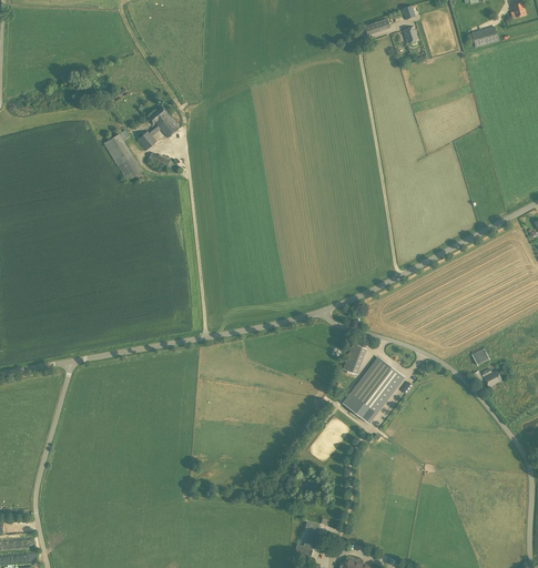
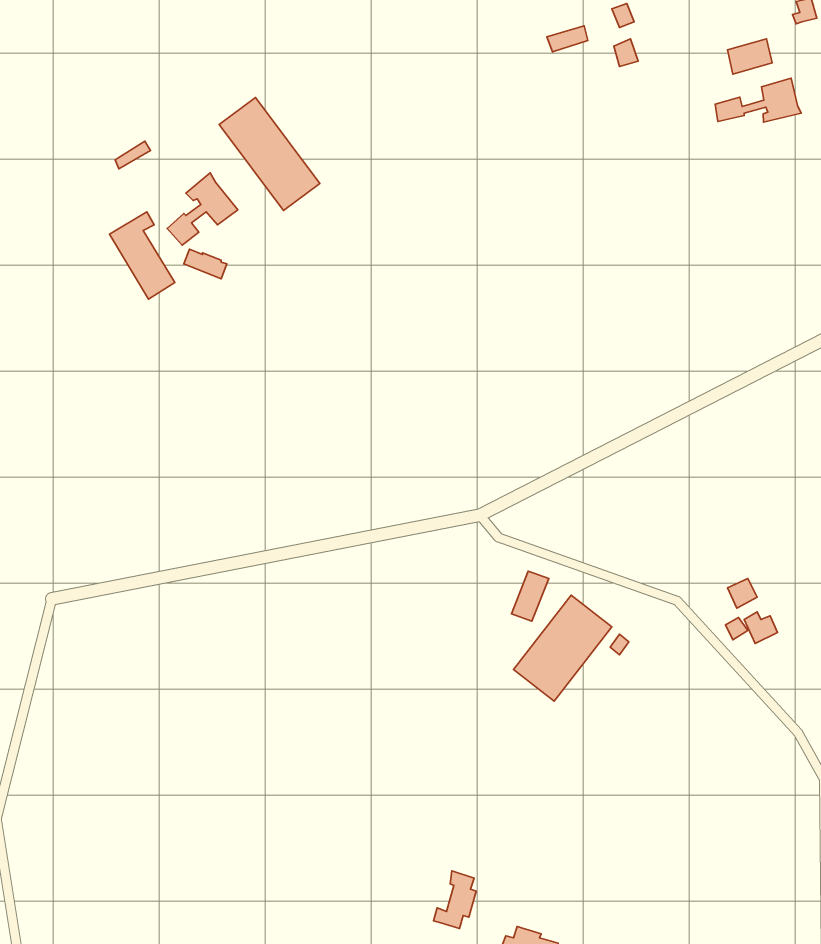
building: none -> [715,78,801,122]
building: none -> [219,98,320,211]

